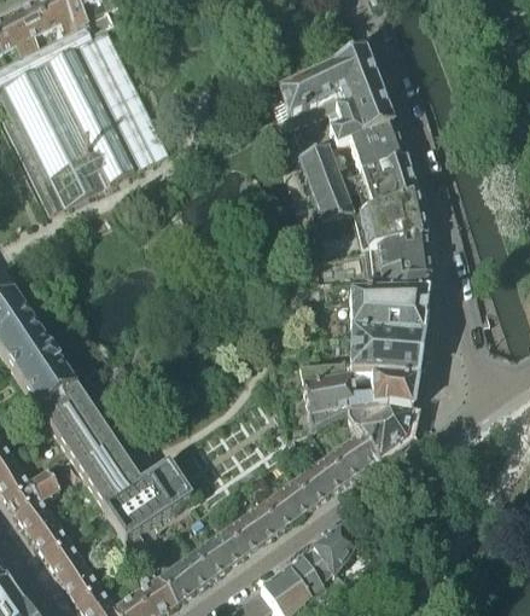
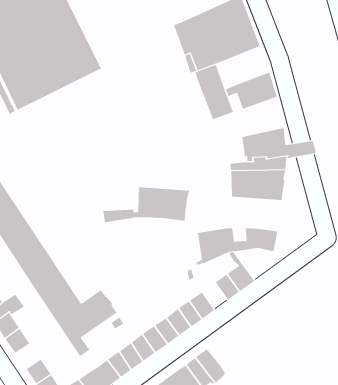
building: [330,118,406,172] -> none
building: [361,190,426,245] -> none
building: [301,331,424,382] -> [102,187,190,223]
building: [355,403,412,449] -> none
building: [310,452,346,490] -> none
building: [318,529,355,570] -> none
building: [46,537,83,574] -> none

